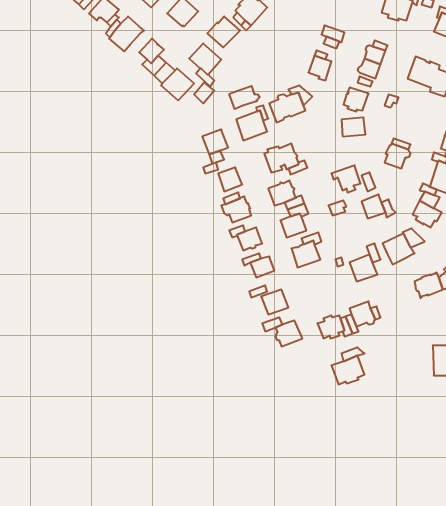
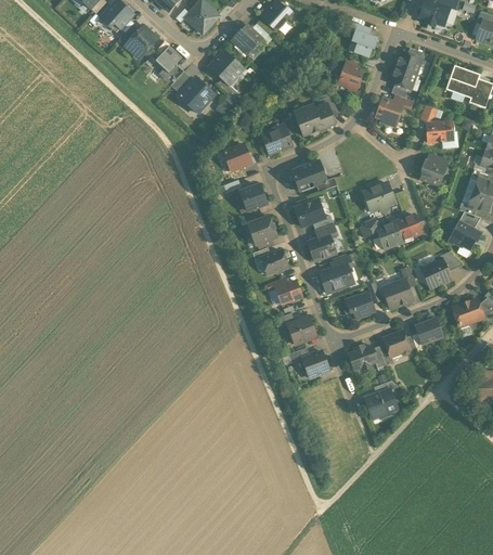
building: [229,86,260,109] -> none
building: [342,117,366,136] -> [427,120,453,141]
building: none -> [376,221,403,248]
building: none -> [346,293,374,318]
building: none -> [415,318,442,344]

